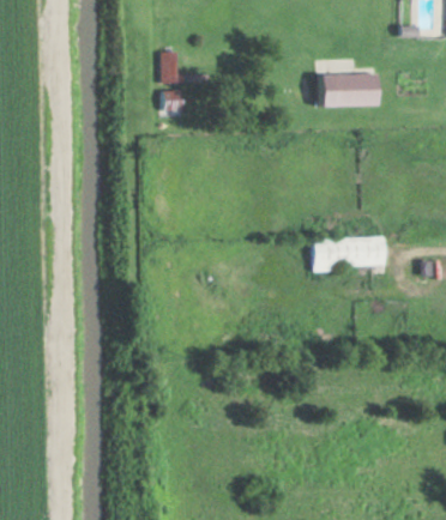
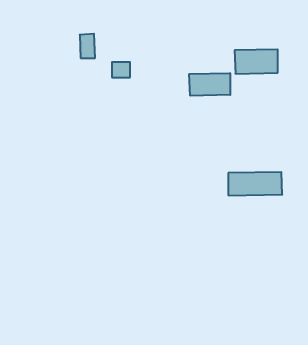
building: [159,50,180,83] -> [80,34,95,58]
building: none -> [189,73,230,96]

